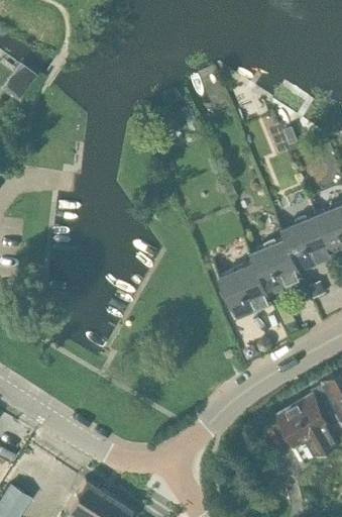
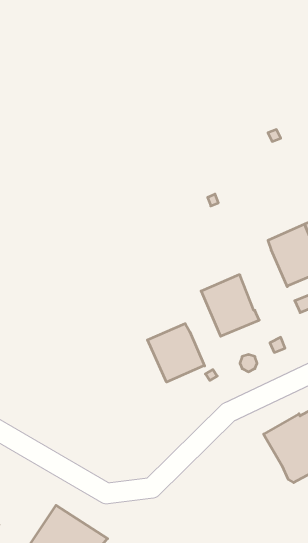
building: [250,240,305,297] -> none
building: none -> [147,324,205,382]

